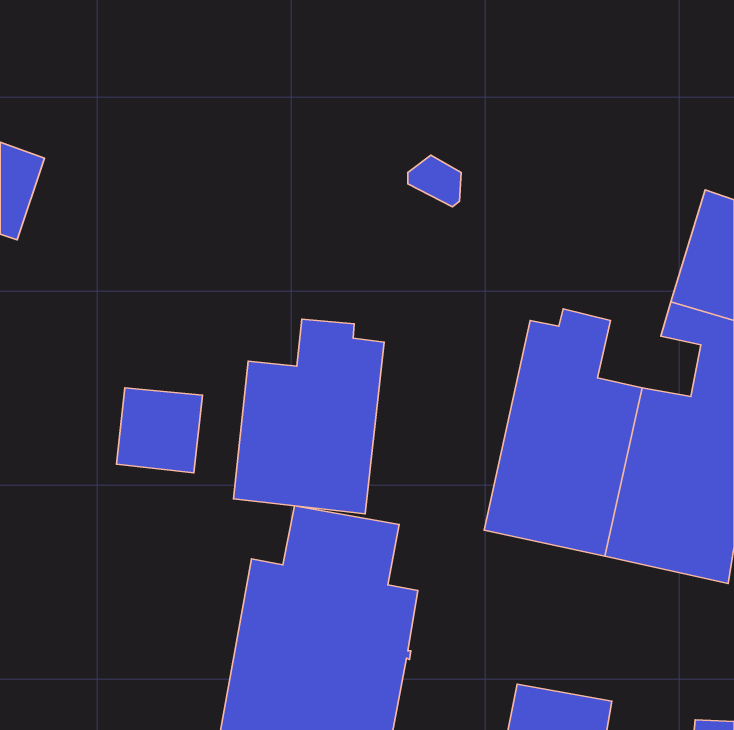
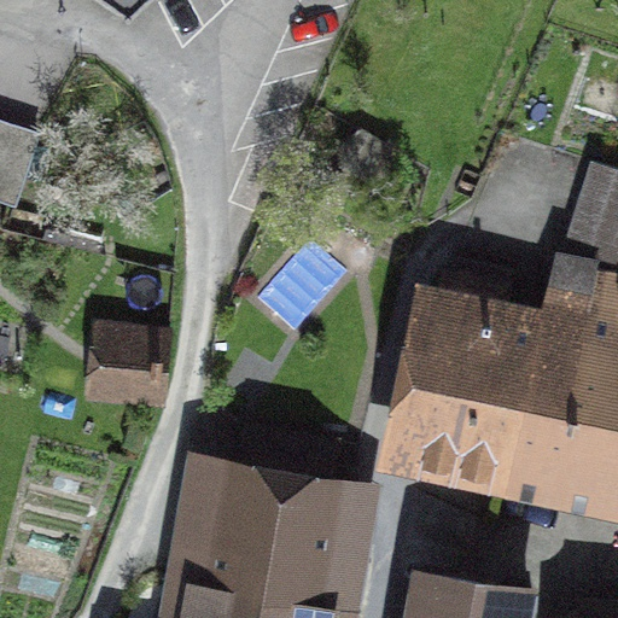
building: [233,319,384,514] -> none

